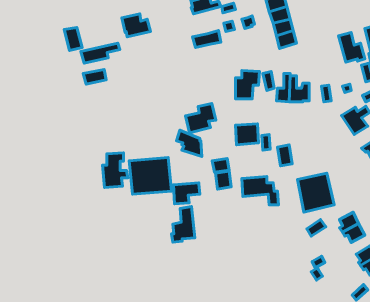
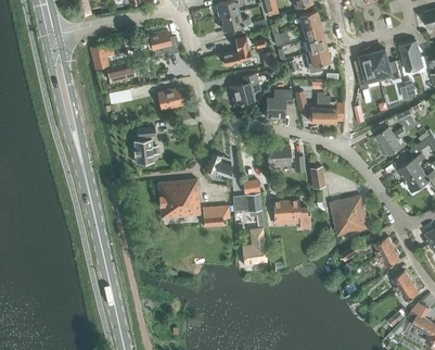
building: none -> [356,53,380,88]
building: none -> [156,87,182,110]
building: [185,103,216,133] -> [229,74,260,104]
building: [102,153,128,187] -> [132,127,158,163]
building: [172,206,195,242] -> [241,228,265,265]

